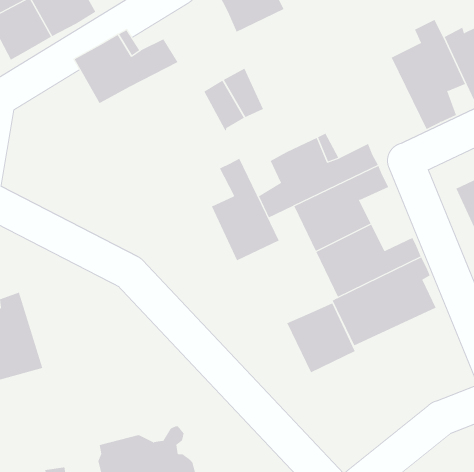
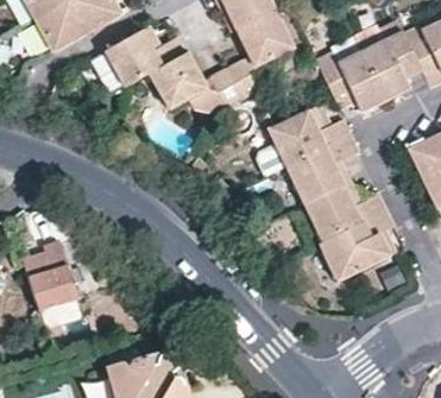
building: none -> [234,10,292,67]
building: none -> [311,49,388,119]
building: none -> [149,52,204,107]
building: [211,158,279,261] -> none
building: [287,302,356,373] -> none

